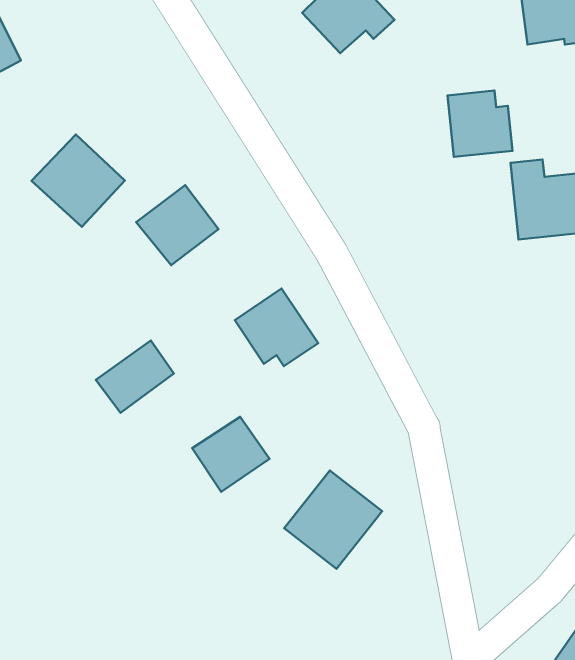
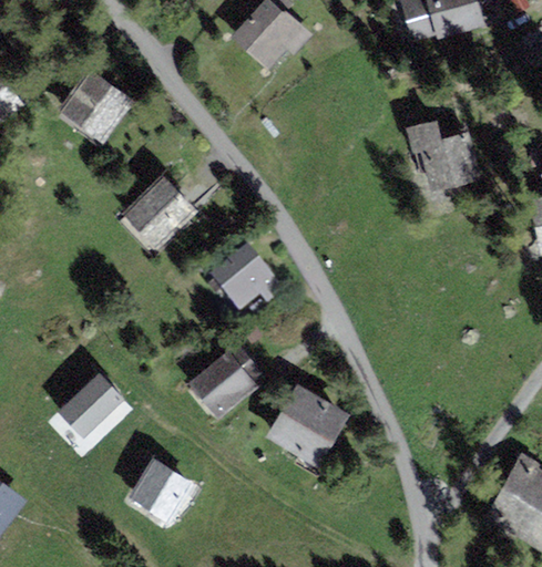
building: [448,91,512,157] -> none
building: [32,135,125,227] -> [59,65,131,136]
building: [96,341,174,413] -> [60,374,120,433]
building: none -> [130,460,192,523]

